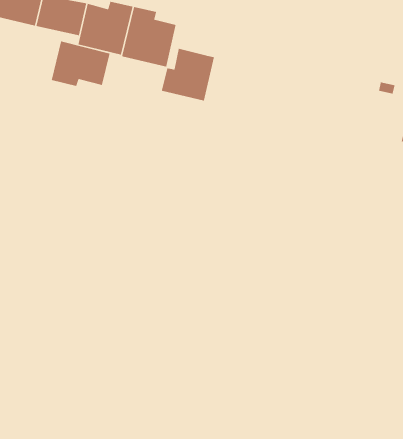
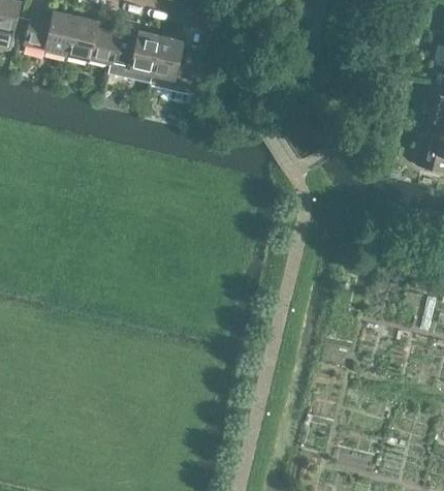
building: [51,41,111,87] -> none
building: [161,48,215,102] -> none

